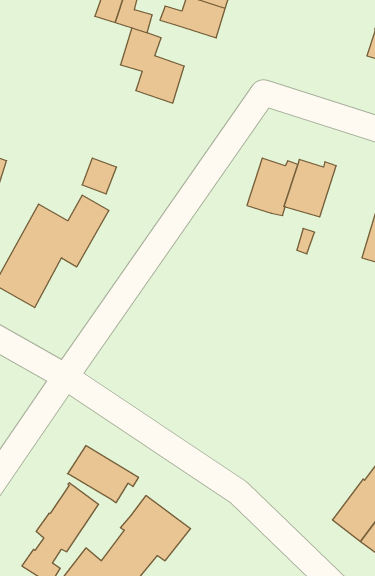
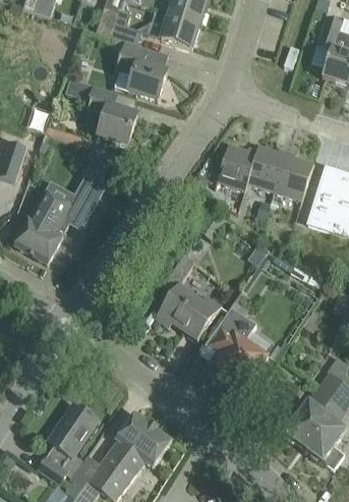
building: none -> [67,76,137,145]
building: none -> [275,150,314,200]
building: none -> [156,254,222,339]
building: none -> [206,306,268,387]
building: [67,446,138,503] -> none

